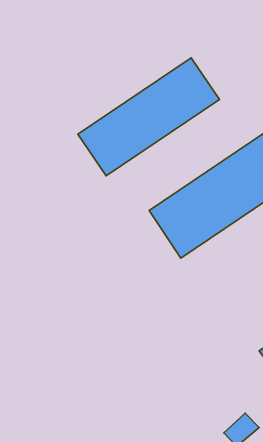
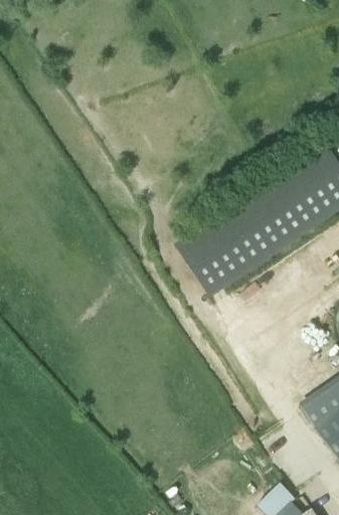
building: [78,58,219,176] -> none

